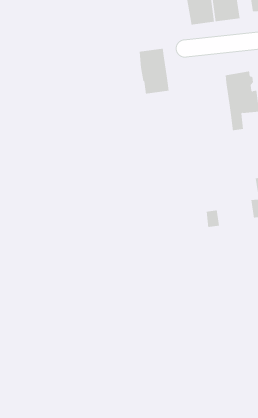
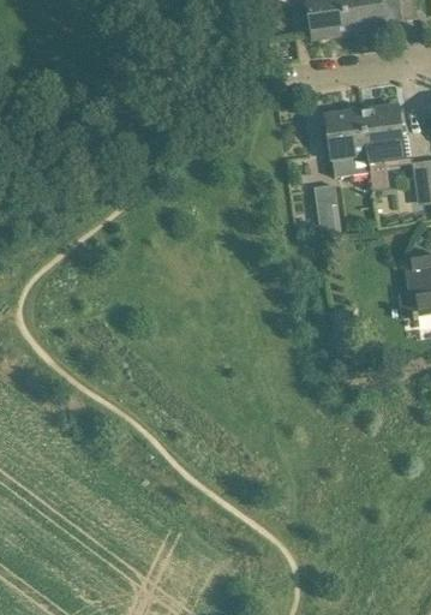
building: [139,48,169,94] -> [327,109,371,175]
building: none -> [315,185,342,234]

